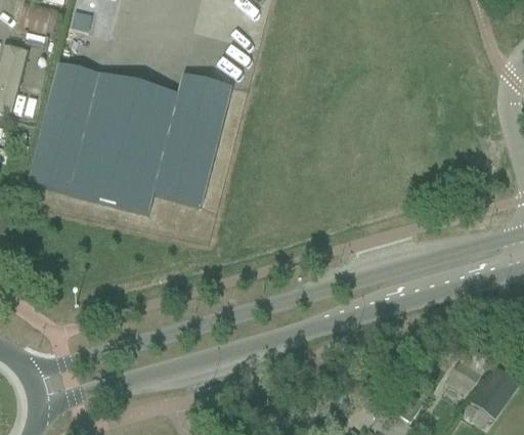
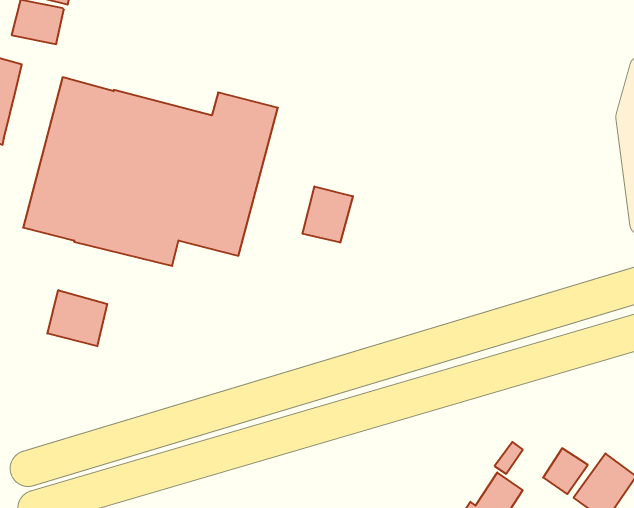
building: none -> [302,186,353,243]
building: none -> [47,290,107,346]

